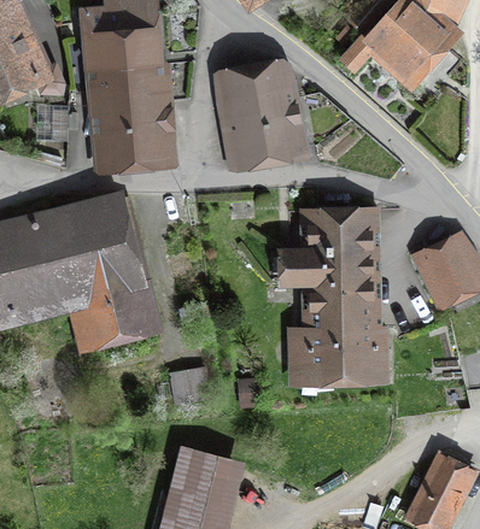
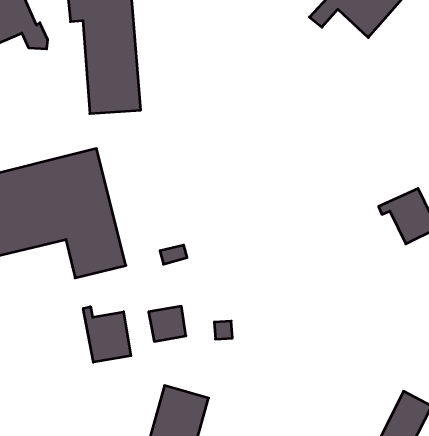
building: [222,65,297,164] -> none
building: [286,211,380,376] -> none
building: none -> [83,307,131,362]

